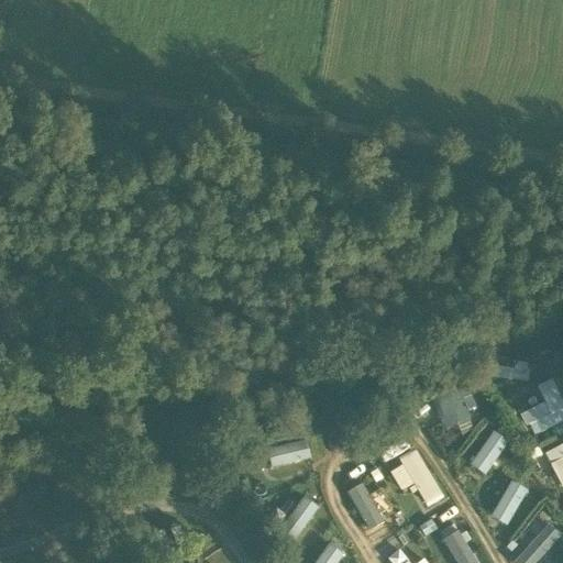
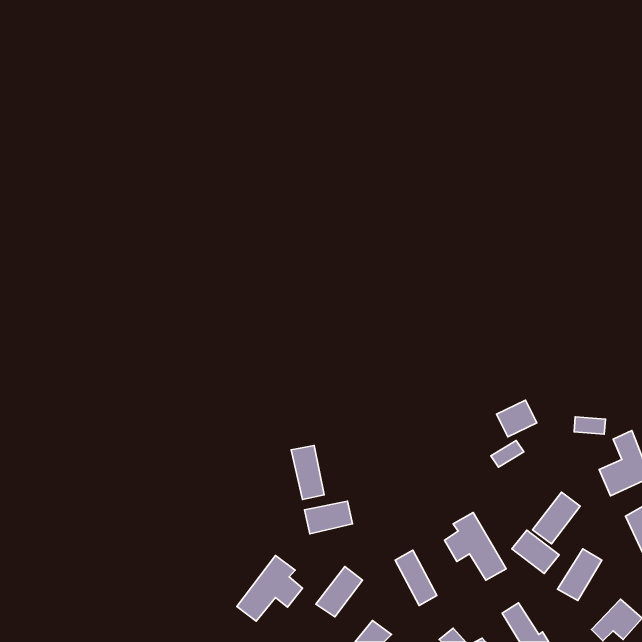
building: none -> [291,446,324,499]
building: [435,397,471,429] -> [497,400,537,437]
building: none -> [512,530,559,574]
building: none -> [237,556,303,621]

